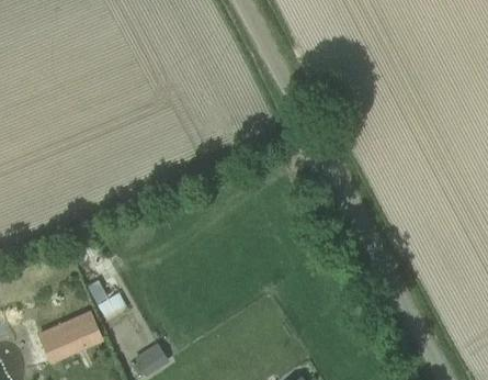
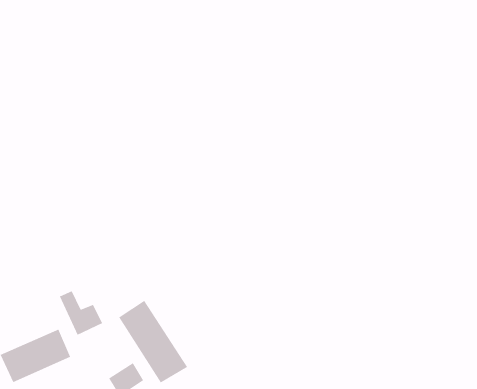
building: none -> [118,300,188,384]

